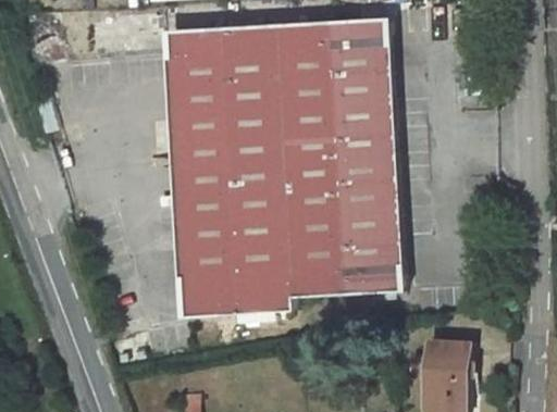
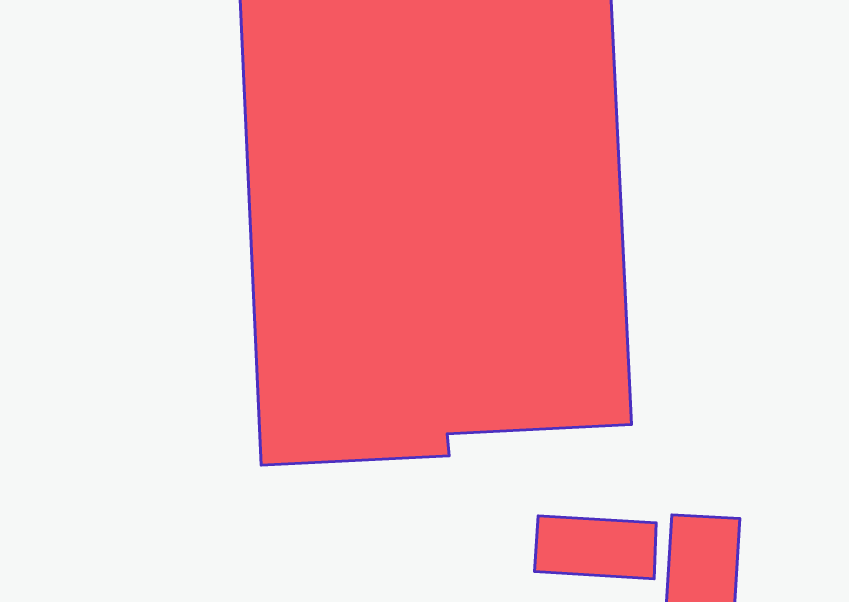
building: none -> [534,516,656,579]

